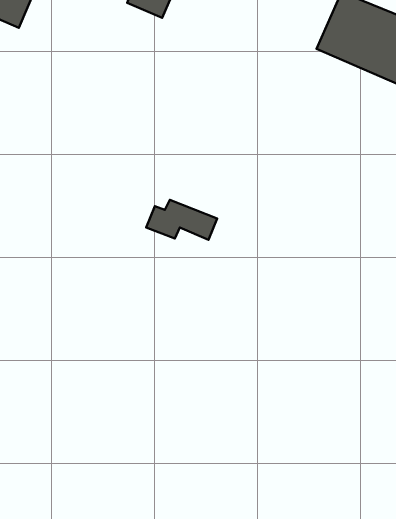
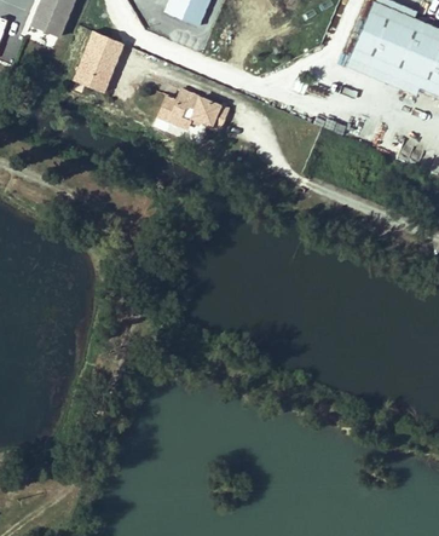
building: none -> [73,30,125,92]
building: [146,200,217,240] -> [158,91,227,129]

